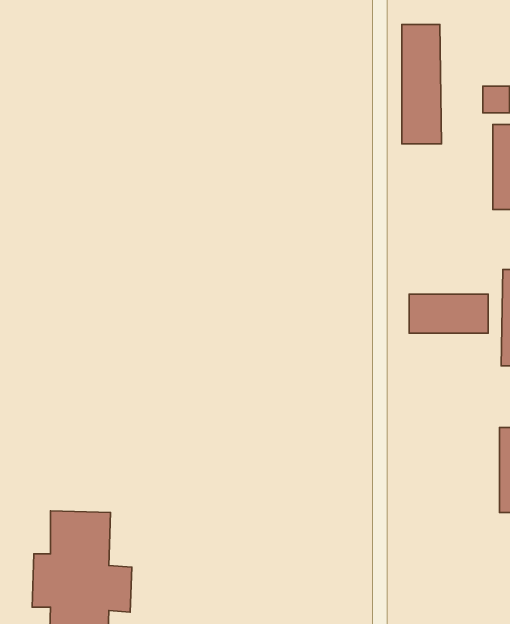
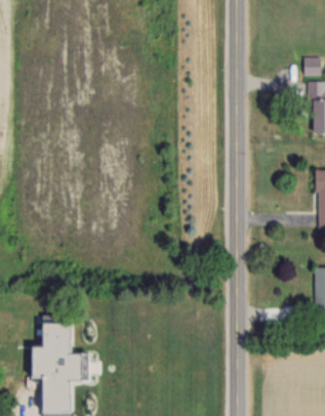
building: [402,25,442,144] -> none
building: [409,294,488,333] -> none

